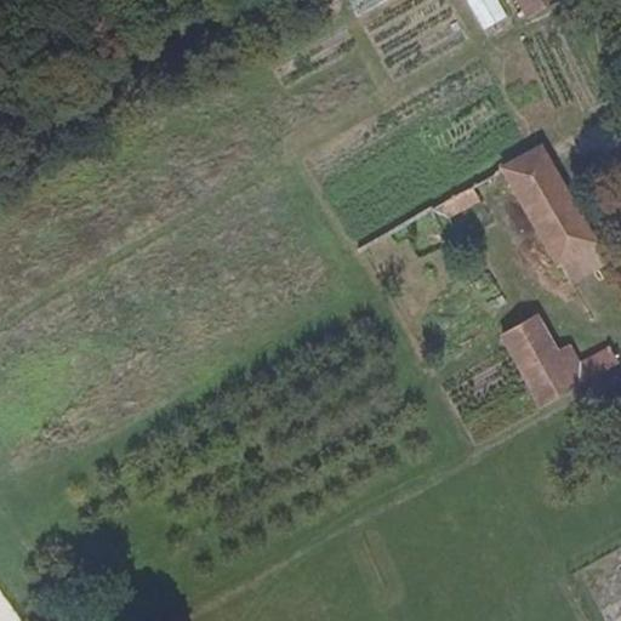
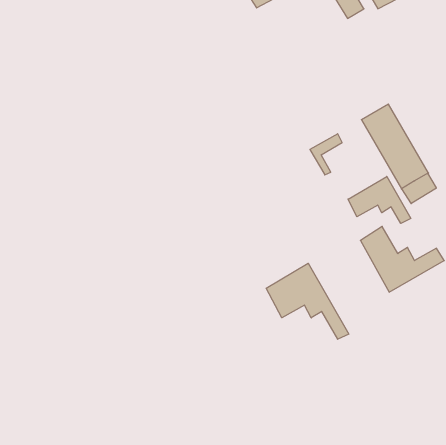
building: none -> [348,176,411,223]
building: none -> [266,263,349,339]

